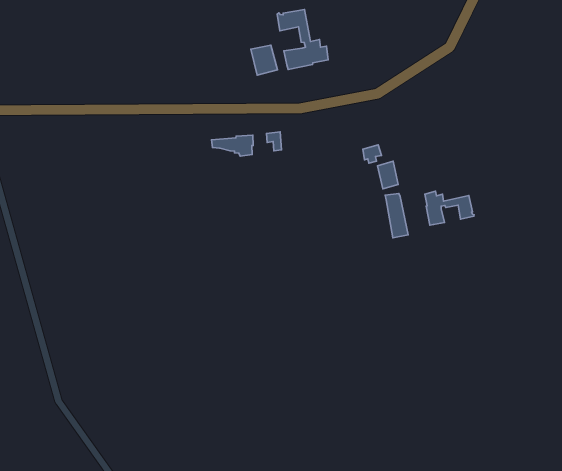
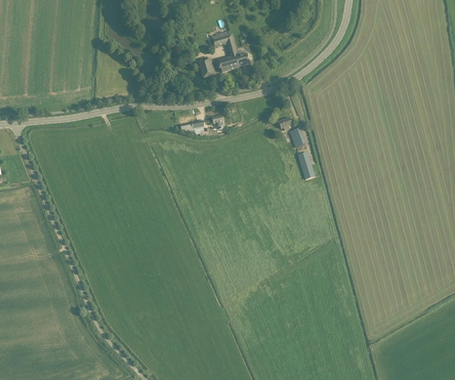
building: [425,191,474,225] -> none

